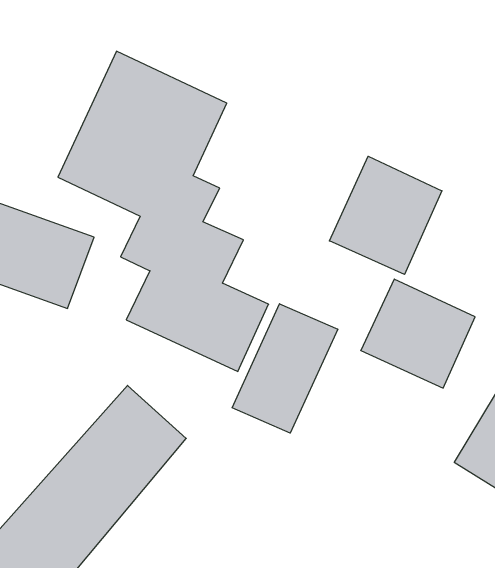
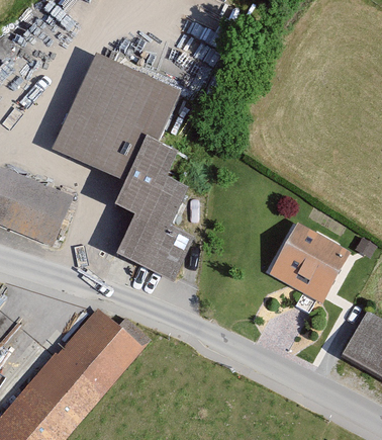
building: [329,156,442,274] -> none
building: [232,304,338,433] -> none

